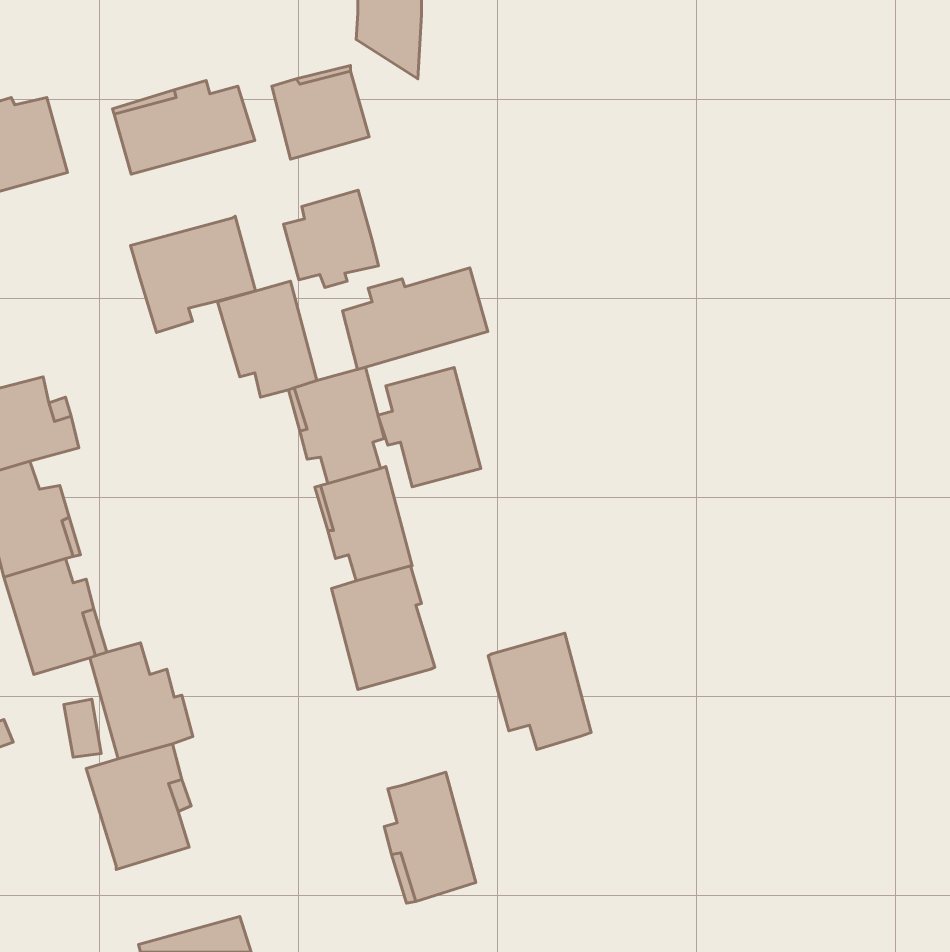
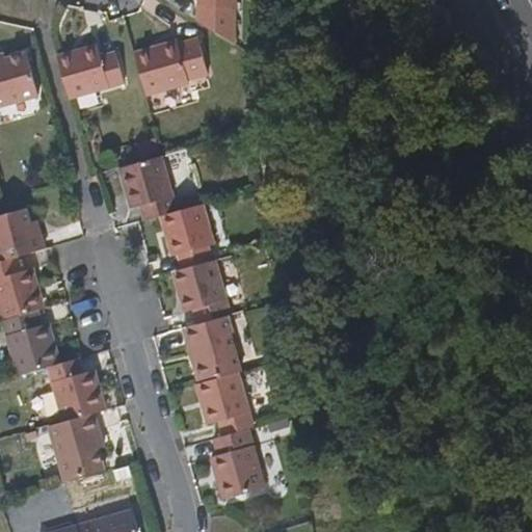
building: [284,190,378,287] -> none
building: [131,216,255,333] -> none
building: [343,268,488,369] -> none
building: [378,368,481,487] -> none
building: [488,633,591,749] -> [196,371,254,435]

